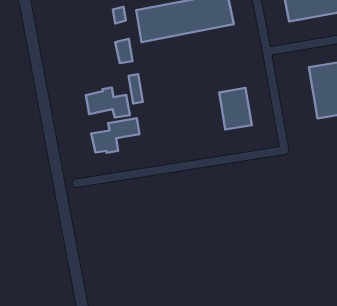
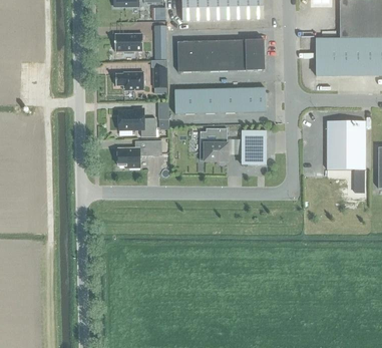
building: none -> [114,33,142,52]
building: none -> [174,87,266,113]
building: none -> [115,71,143,89]
building: none -> [201,127,228,160]

